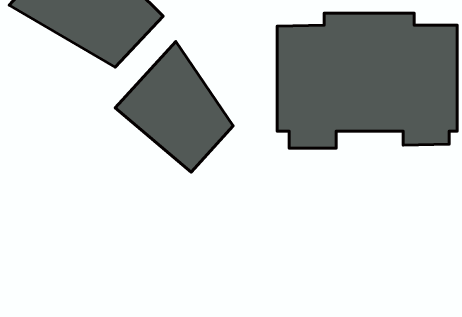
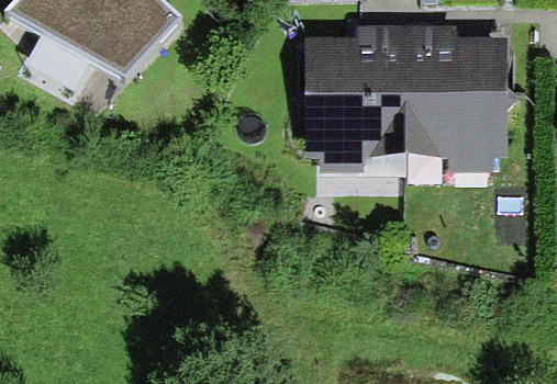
building: [115,42,233,172] -> none

